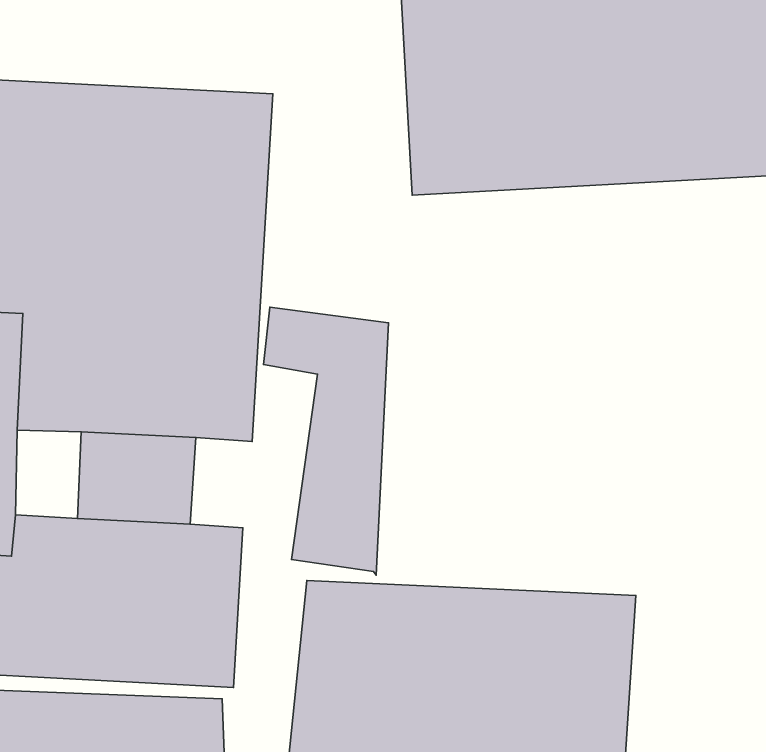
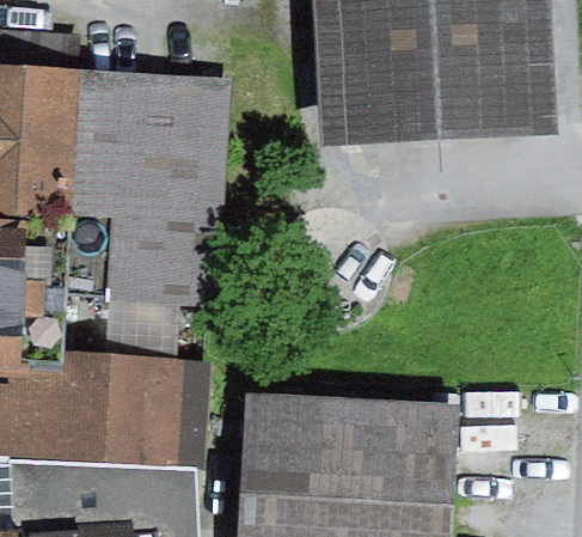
building: [264,307,389,575] -> none

